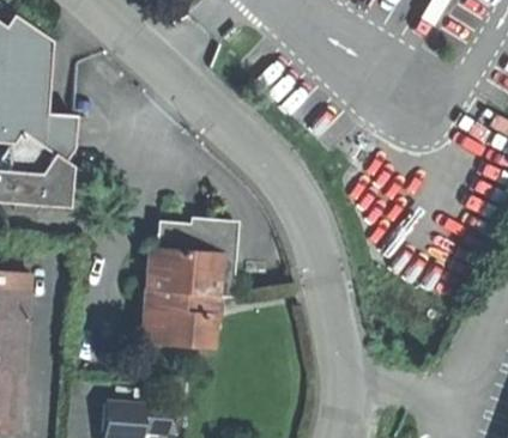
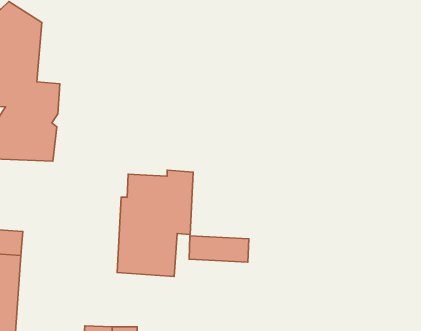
building: none -> [189,236,249,262]

